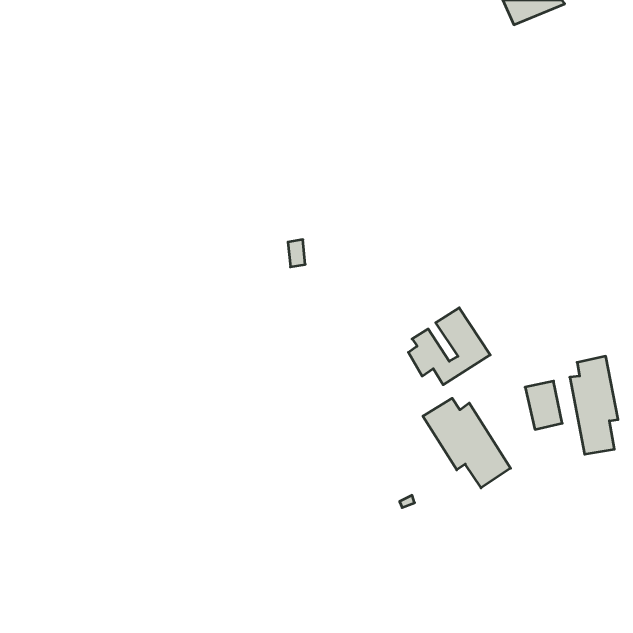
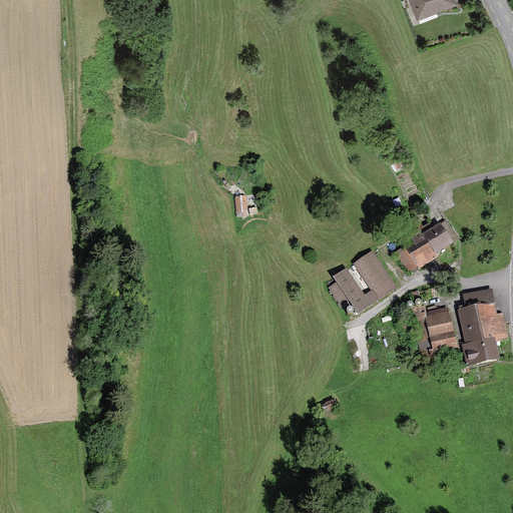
building: none -> [398,222,451,272]
building: [423,398,511,488] -> none

